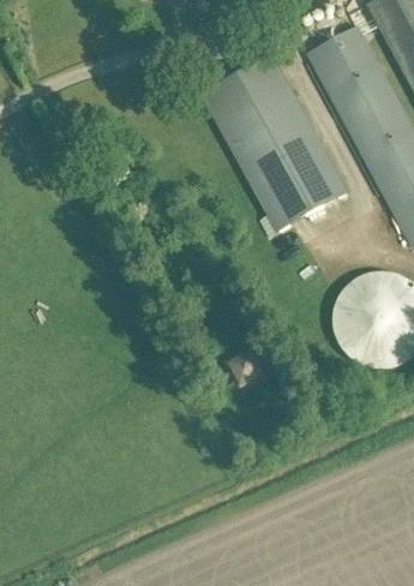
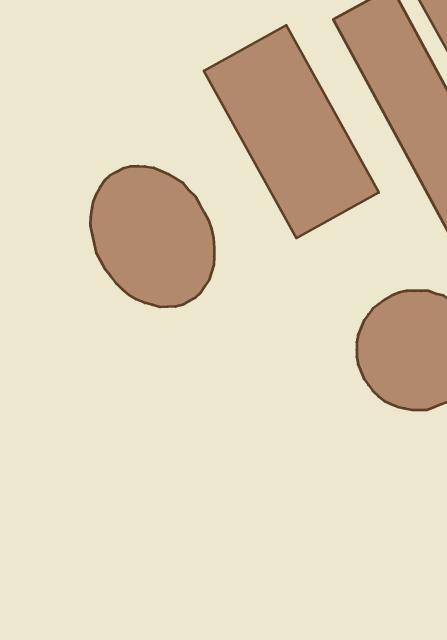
building: none -> [91,166,214,307]
building: [224,346,265,387] -> none

